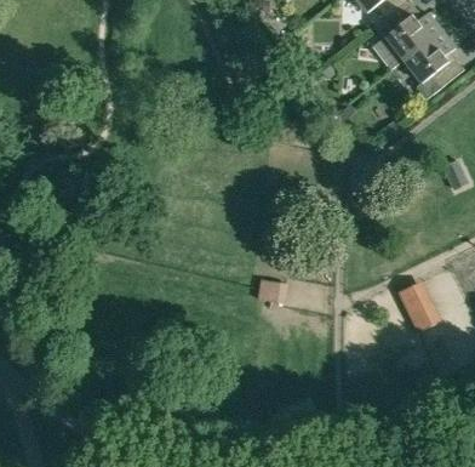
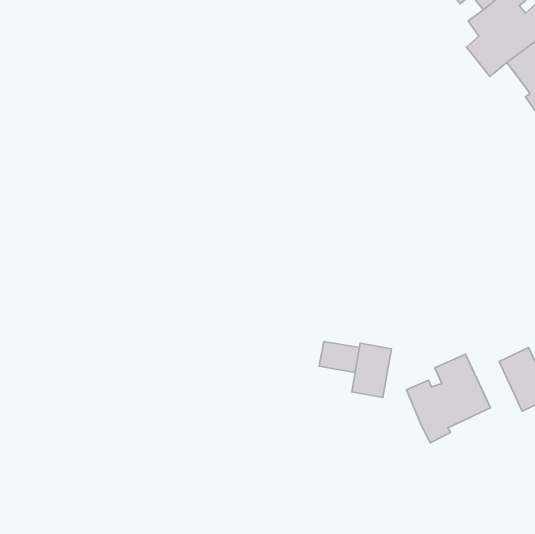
building: none -> [352,343,391,397]
building: none -> [406,354,491,443]

